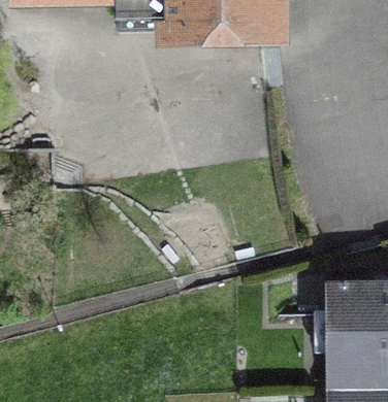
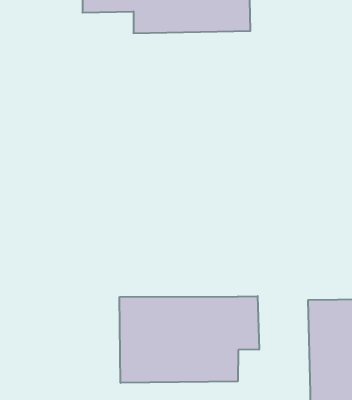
building: none -> [120,296,259,383]

